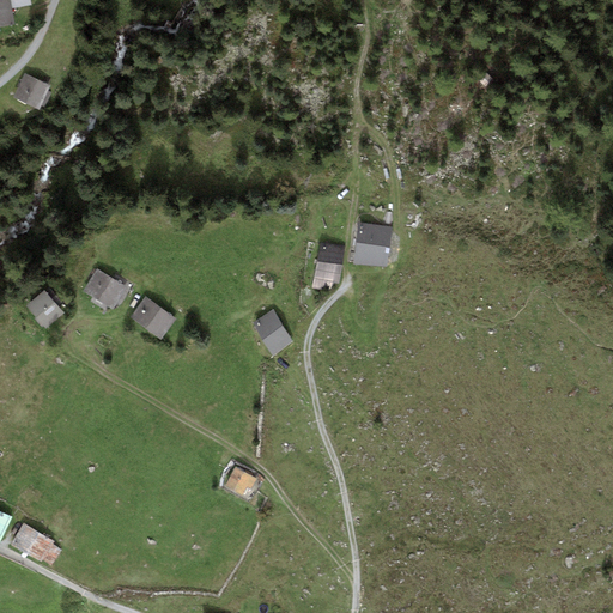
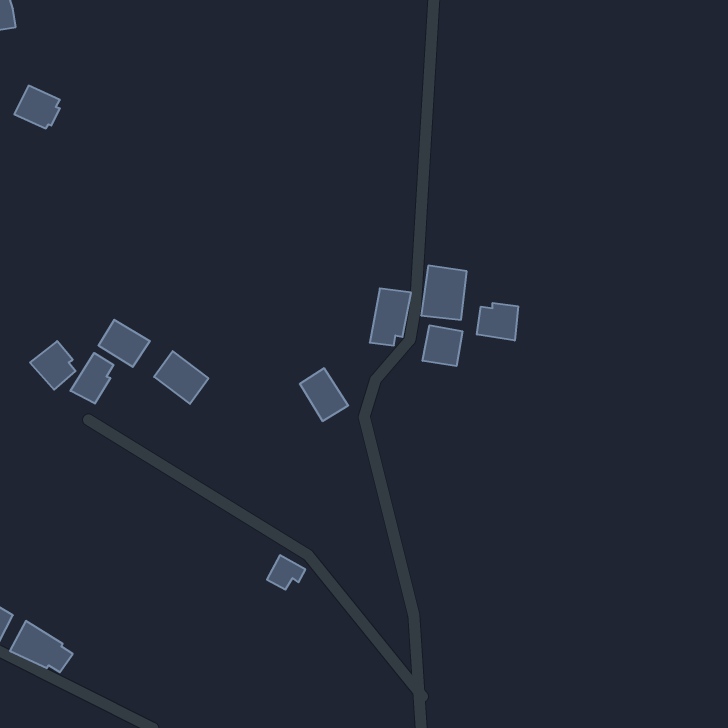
building: none -> [477,303,518,341]
building: none -> [423,325,462,366]
building: none -> [70,353,113,404]

